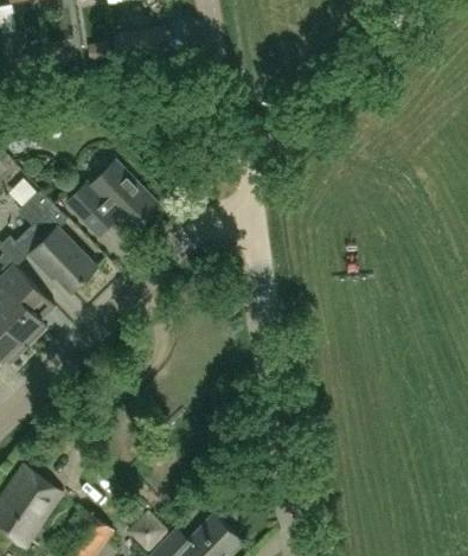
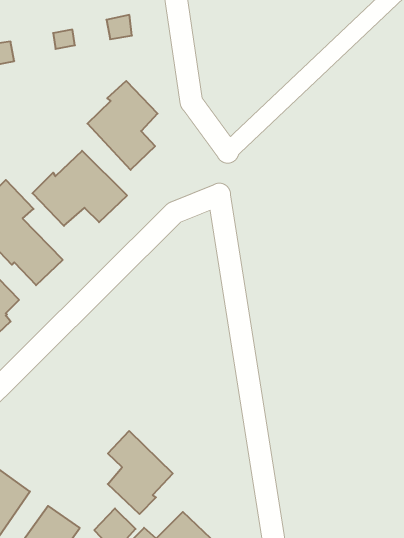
building: none -> [87,81,158,170]
building: none -> [108,431,173,514]

